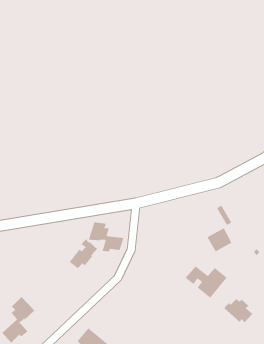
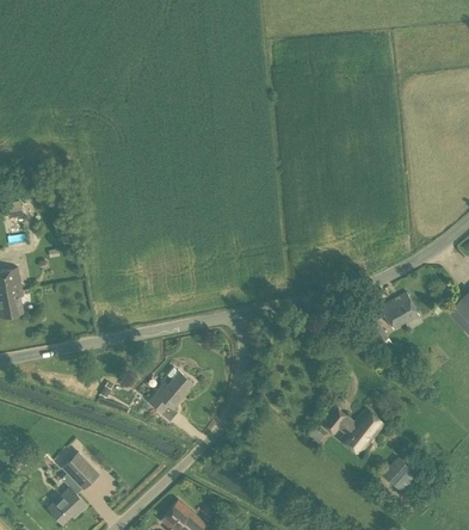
building: [88,221,124,252] -> none
building: [206,227,232,252] -> [379,292,418,329]

